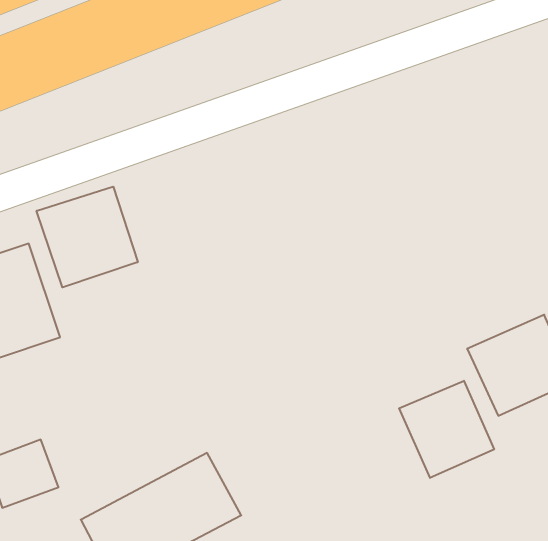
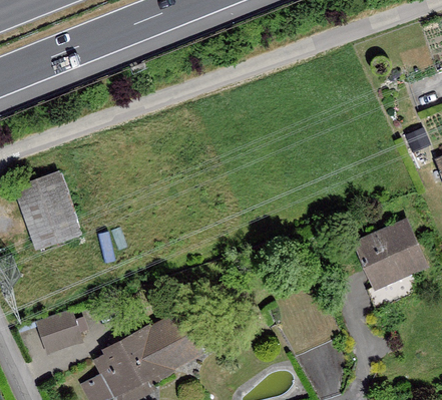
building: [37,187,138,287] -> none
building: [399,381,494,478] -> none

